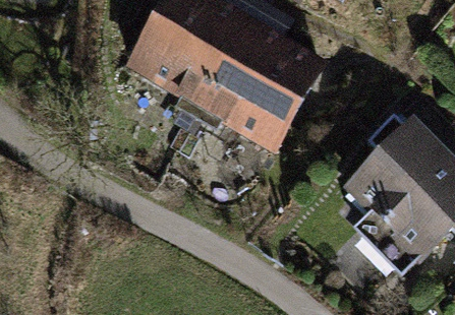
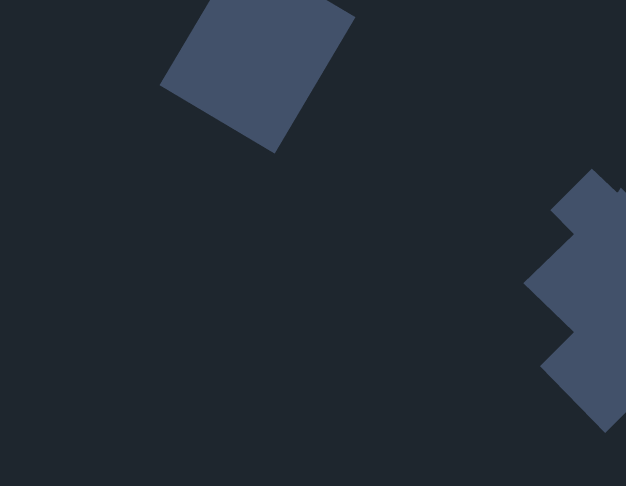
building: [200,26,319,150] -> none

